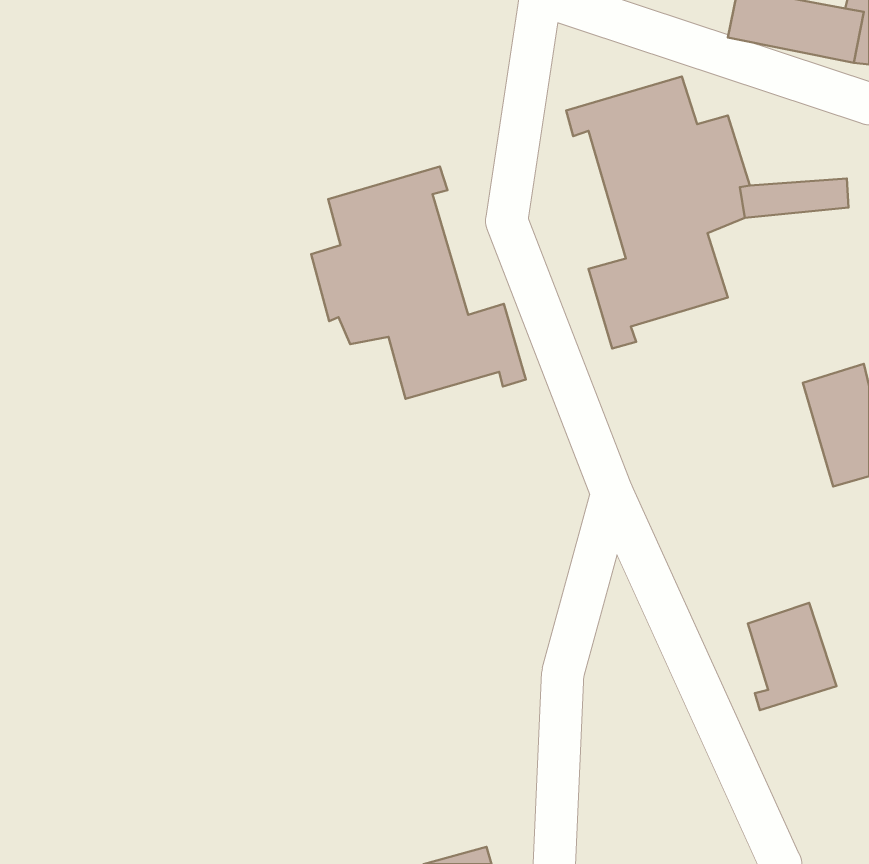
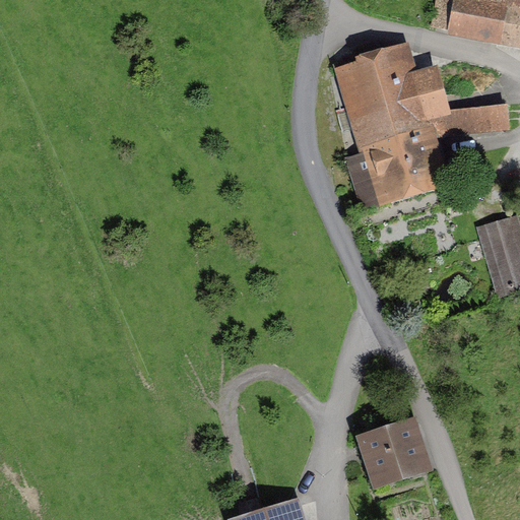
building: [311,166,526,399] -> none
building: [748,603,836,710] -> [370,425,422,489]

